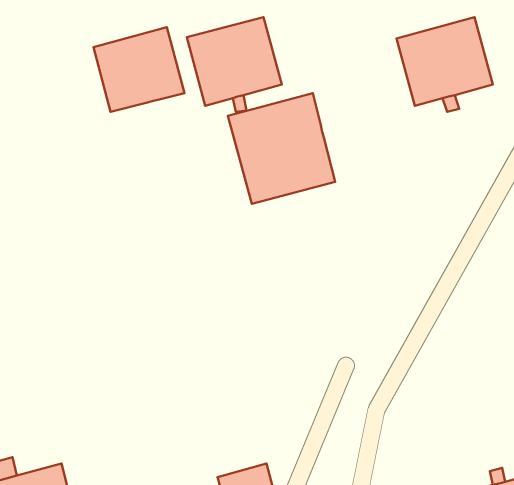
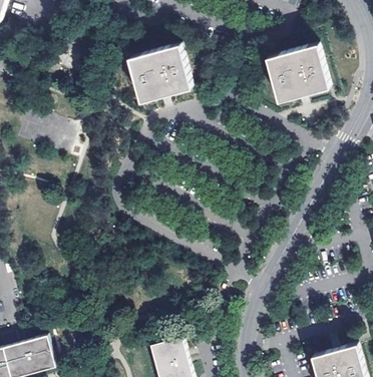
building: [94,27,184,112] -> none
building: [228,93,335,204] -> none

